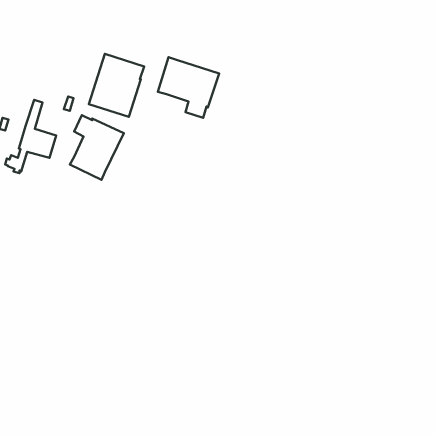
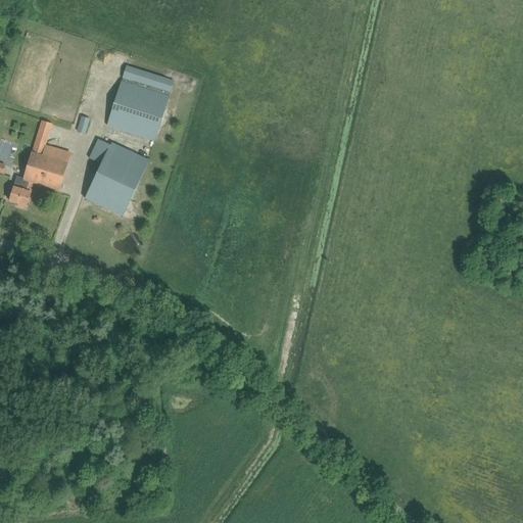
building: [158,57,219,118] -> none

